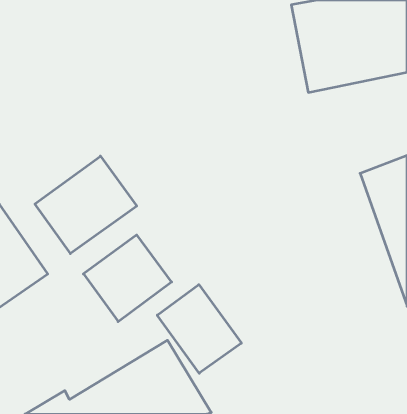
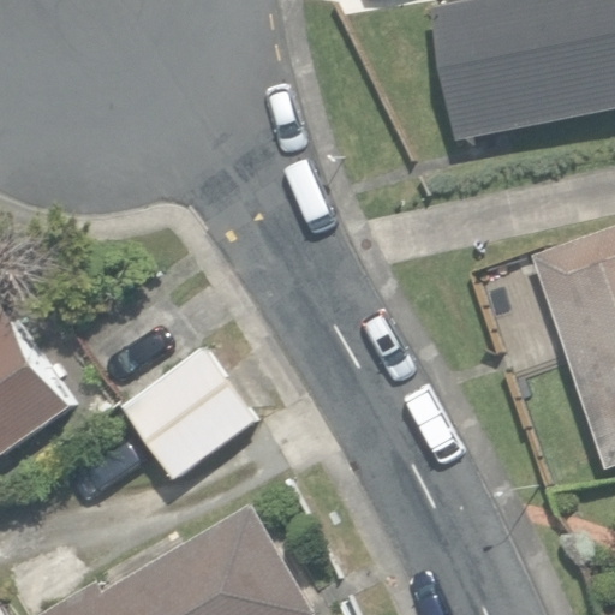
building: [35,156,137,254] -> none
building: [157,285,241,373] -> none

